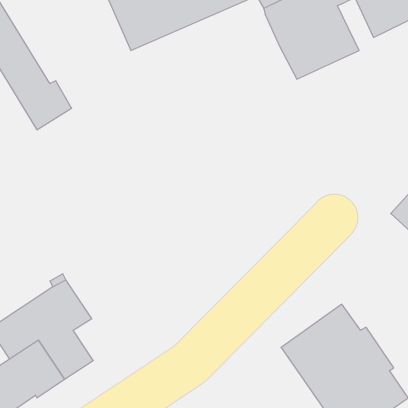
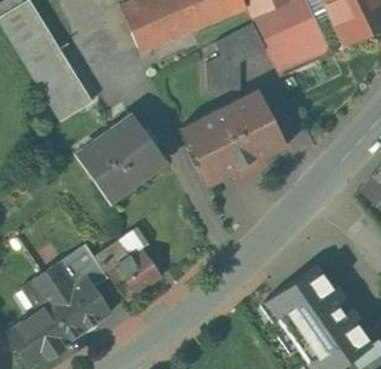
building: none -> [206,23,265,91]
building: none -> [181,90,285,185]
building: none -> [80,115,164,201]
building: none -> [93,240,161,300]

